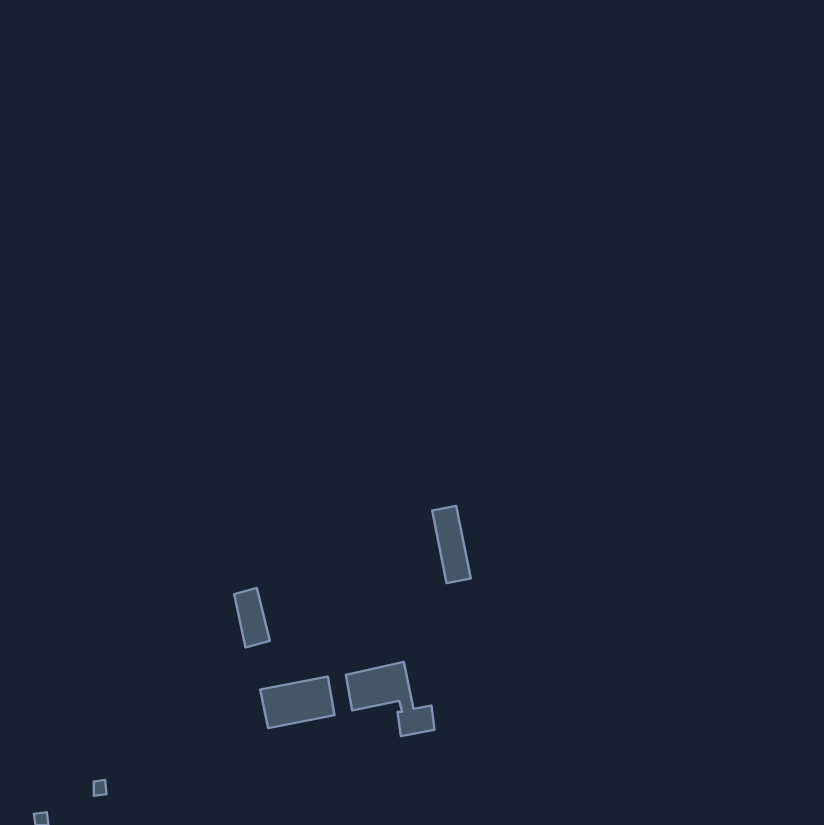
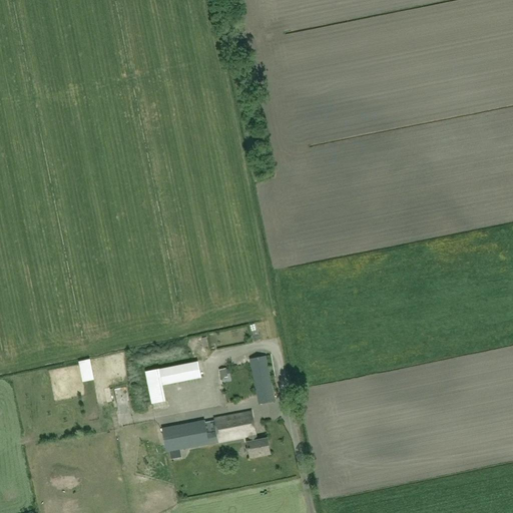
building: [432,506,471,583] -> [249,356,274,404]
building: none -> [162,360,202,383]

